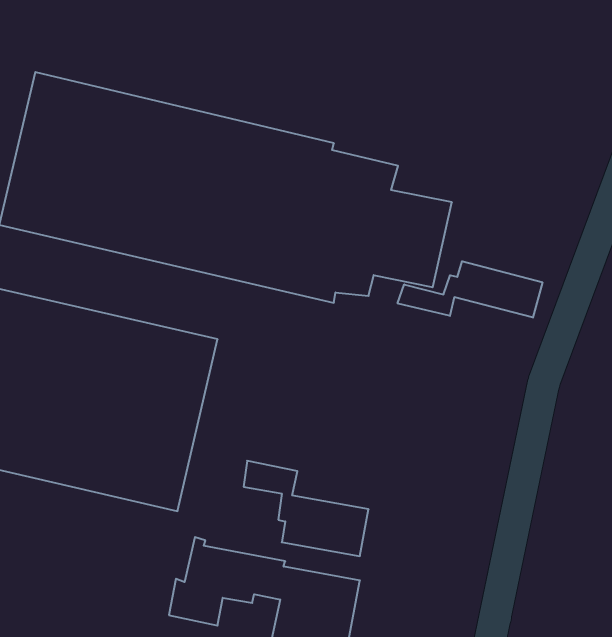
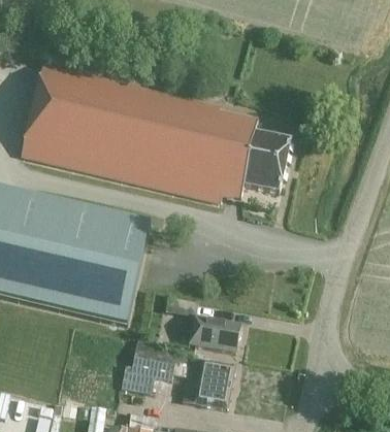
building: [398,261,542,318] -> none

